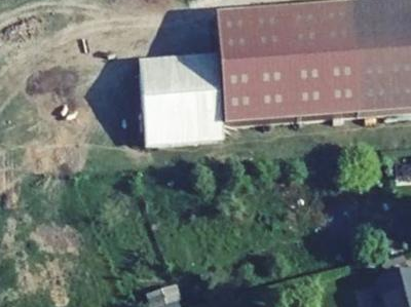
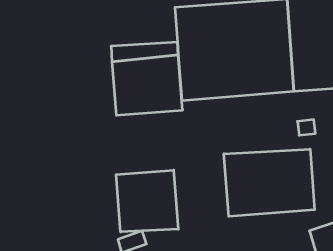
building: none -> [224,149,315,216]
building: none -> [116,170,178,232]

